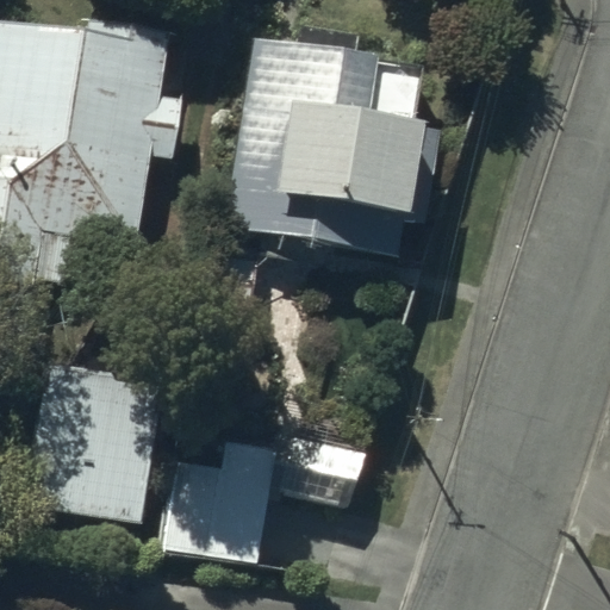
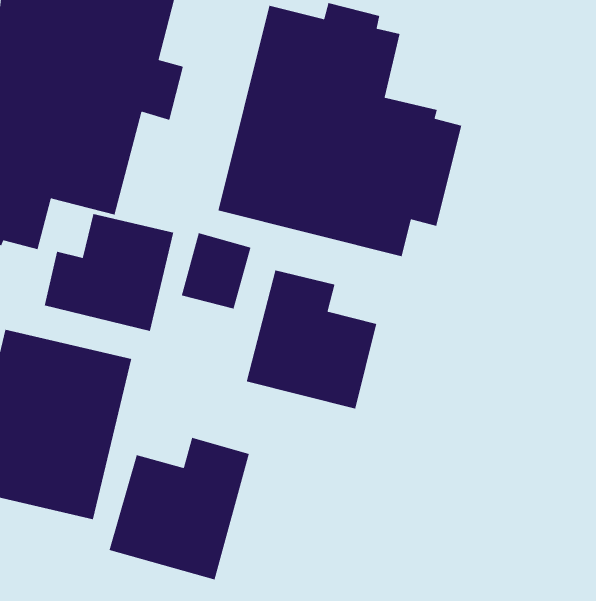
building: none -> [44,213,174,332]
building: none -> [246,269,377,409]

